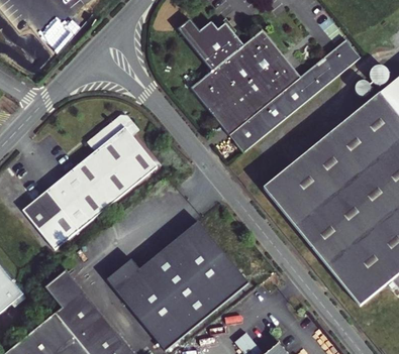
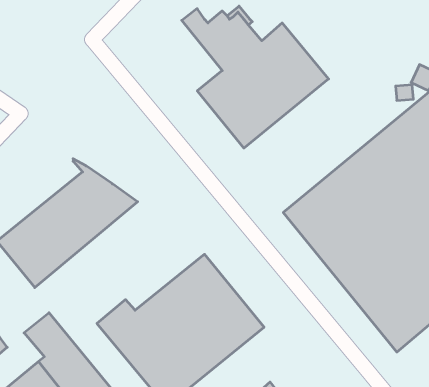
building: [230,38,363,152] -> none
building: [86,114,156,178] -> none

